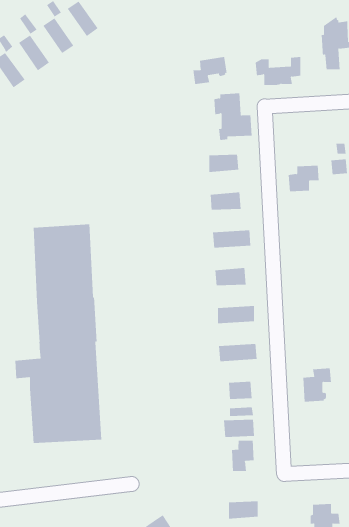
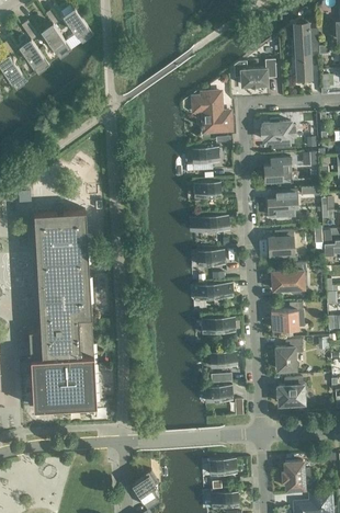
building: [193,56,227,85] -> none
building: none -> [261,119,295,150]
building: none -> [268,191,298,221]
building: none -> [270,230,294,255]
building: none -> [272,263,306,294]
building: none -> [272,303,303,330]
building: none -> [276,378,306,407]
building: [231,440,254,472] -> none

